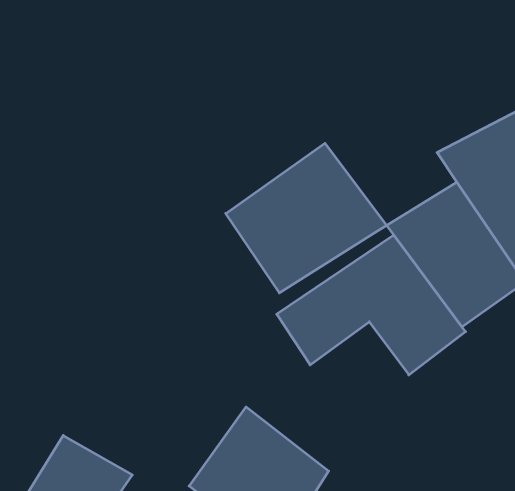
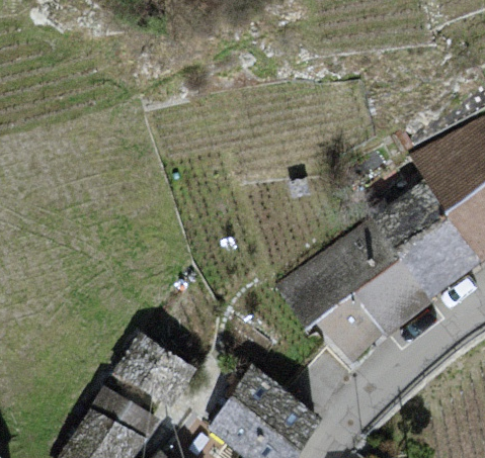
building: [226,143,387,293] -> none
building: none -> [112,332,195,407]

